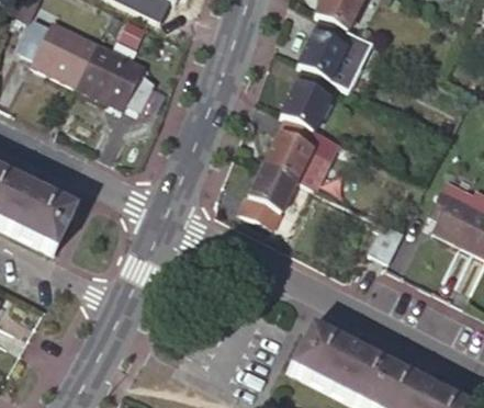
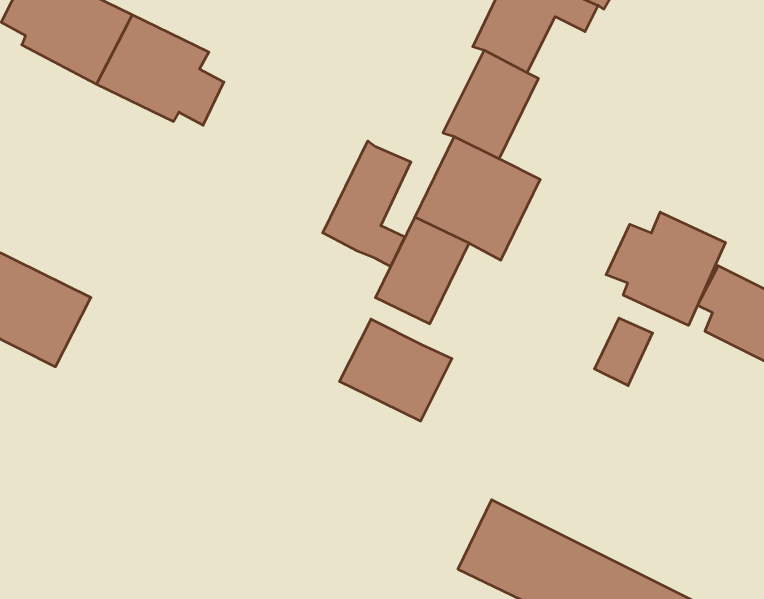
building: none -> [323,141,411,267]
building: none -> [606,212,725,325]
building: none -> [340,319,452,421]

